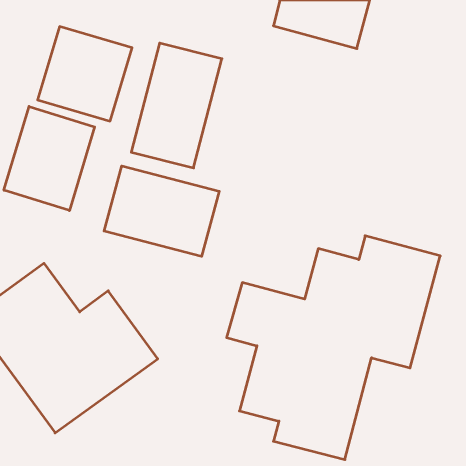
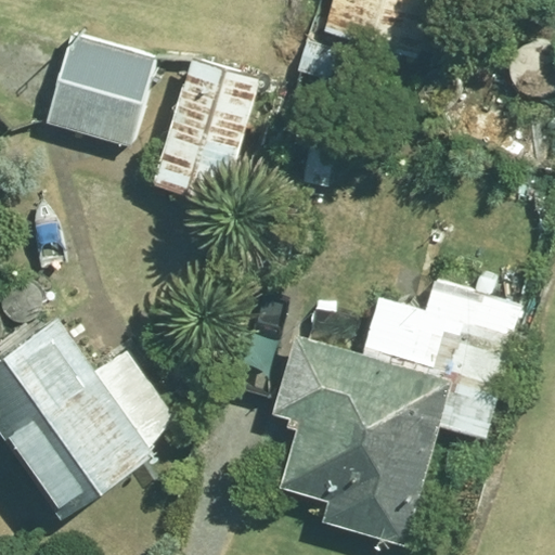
building: [4,106,95,211] -> none
building: [104,166,219,256] -> none

